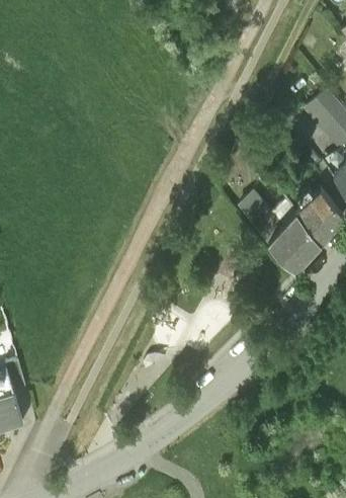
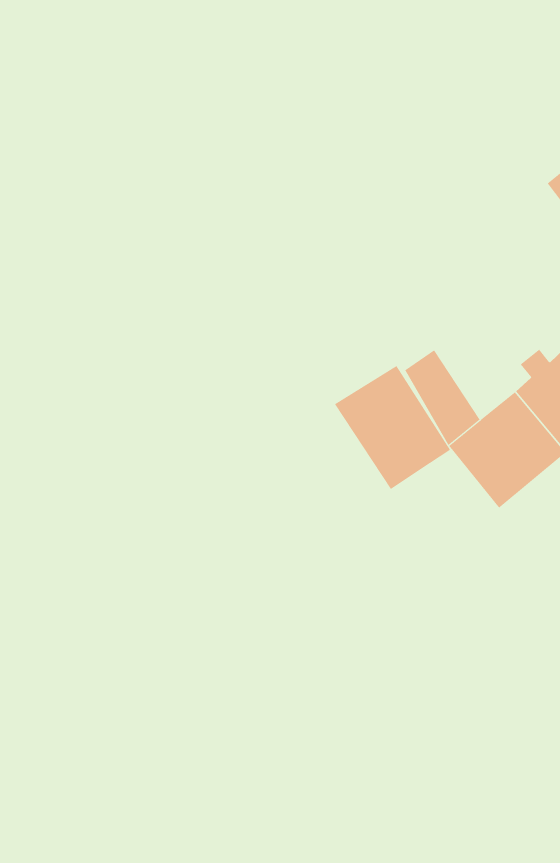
building: none -> [334,365,451,490]

